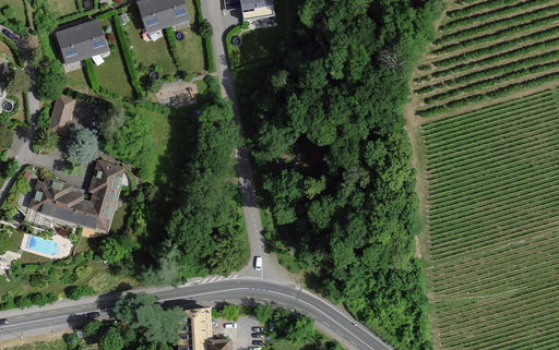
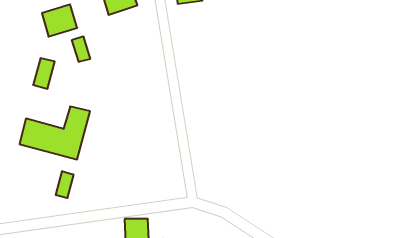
building: none -> [72,36,90,62]
building: none -> [56,171,73,198]

